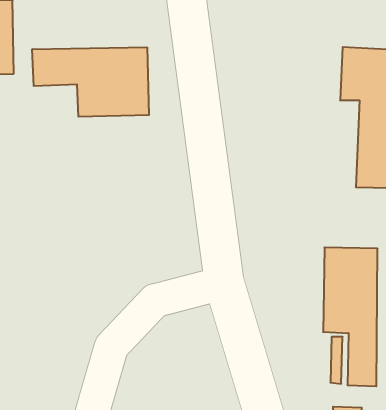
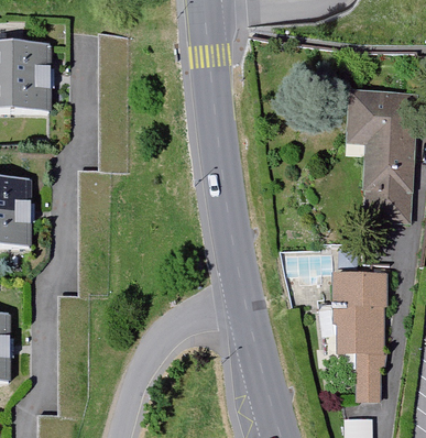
building: [32,47,149,117] -> none

